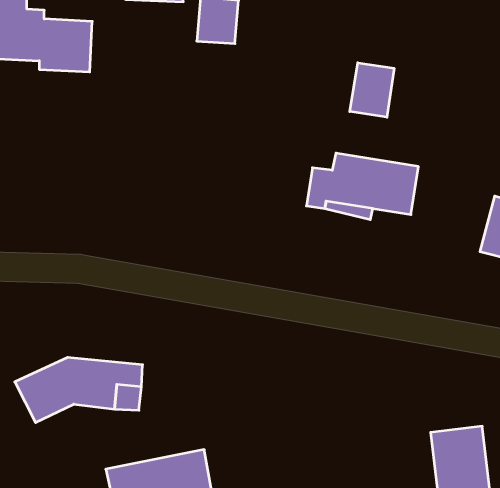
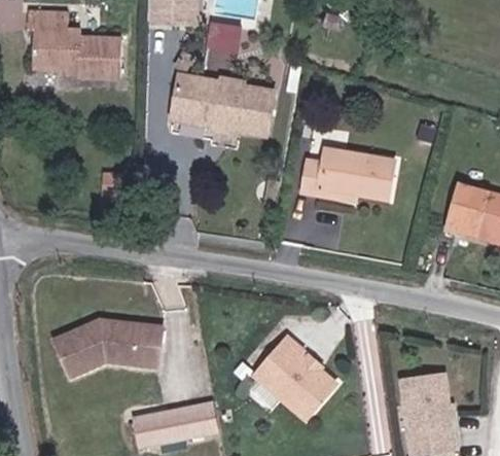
building: [350,63,394,117] -> none
building: none -> [171,74,274,136]
building: none -> [257,335,336,416]

